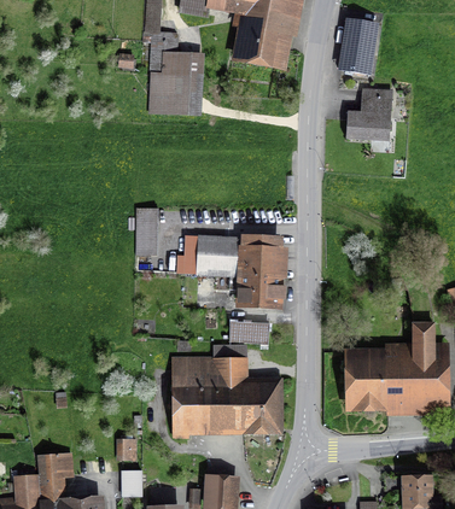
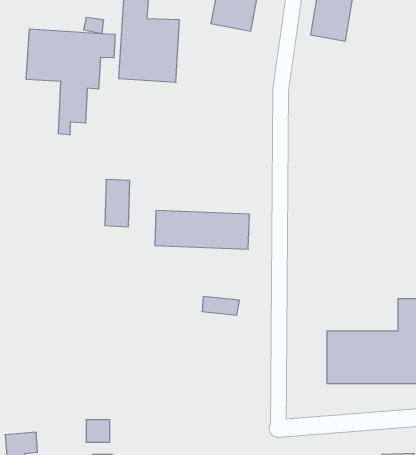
building: none -> [26,29,115,135]
building: [345,89,387,138] -> none
building: [239,275,274,305] -> none
building: [173,344,285,429] -> none

